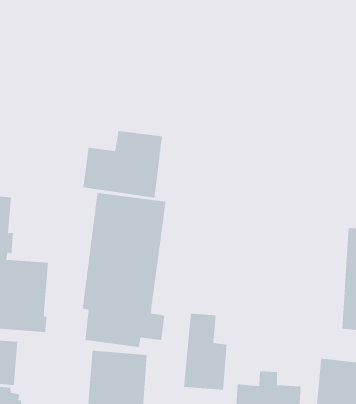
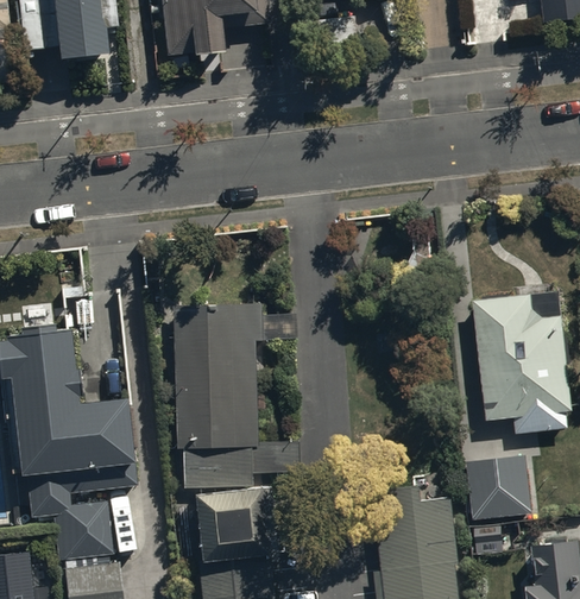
building: [82,130,163,199] -> none
building: [183,313,227,391] -> none

